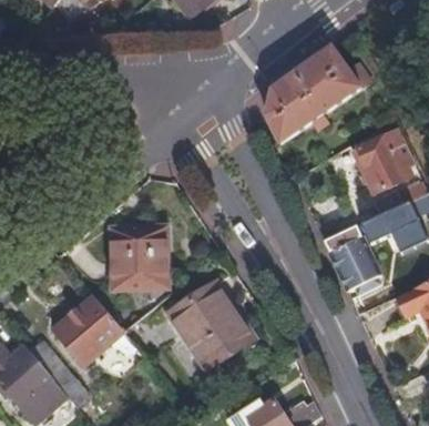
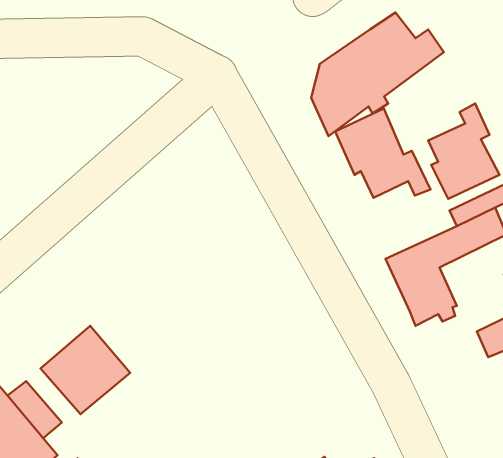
building: none -> [335,109,431,198]
building: [112,225,166,286] -> none
building: [170,280,255,366] -> none

